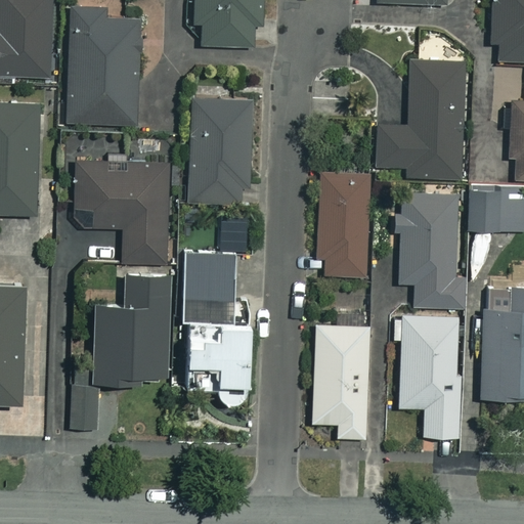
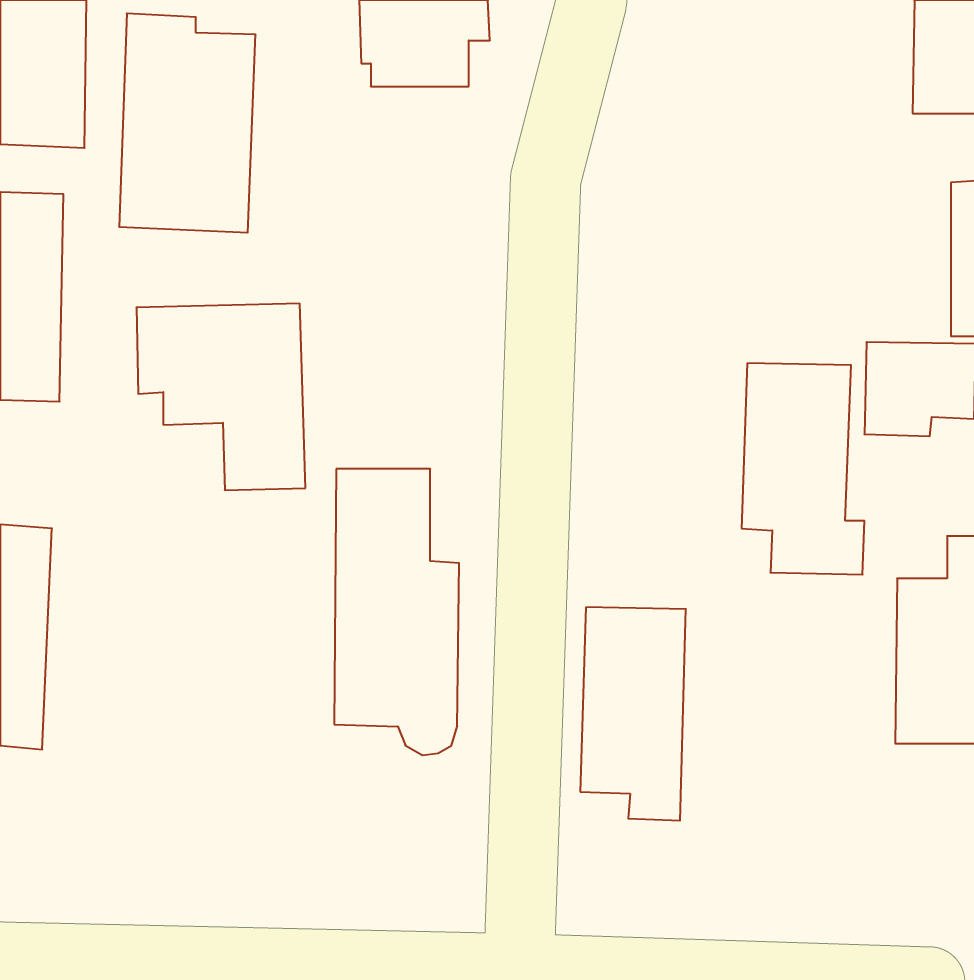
building: [376,61,464,177] -> none
building: [189,93,252,204] -> none
building: [318,173,367,276] -> none
building: [73,273,167,433] -> none
building: [400,315,460,437] -> none

